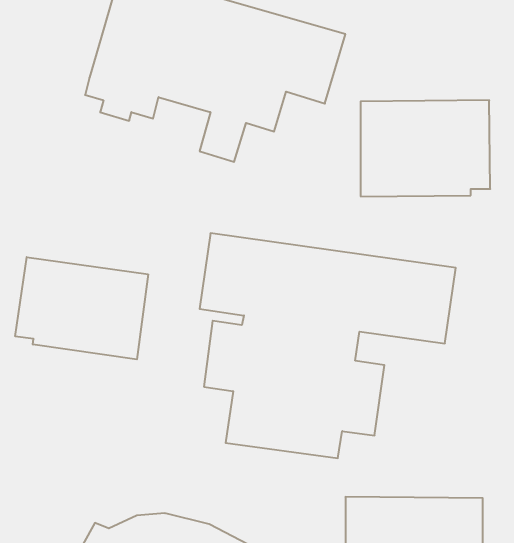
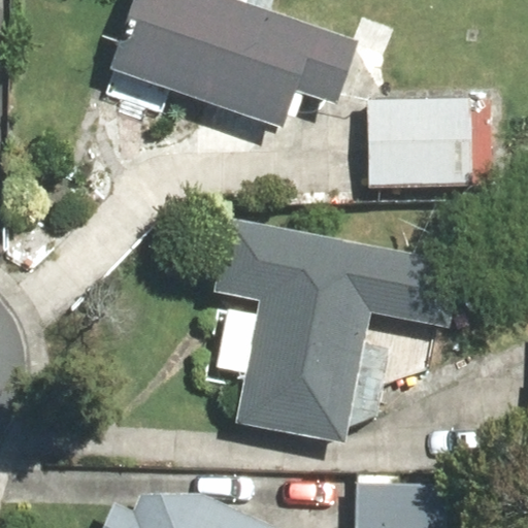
building: [15,257,148,359] -> none

